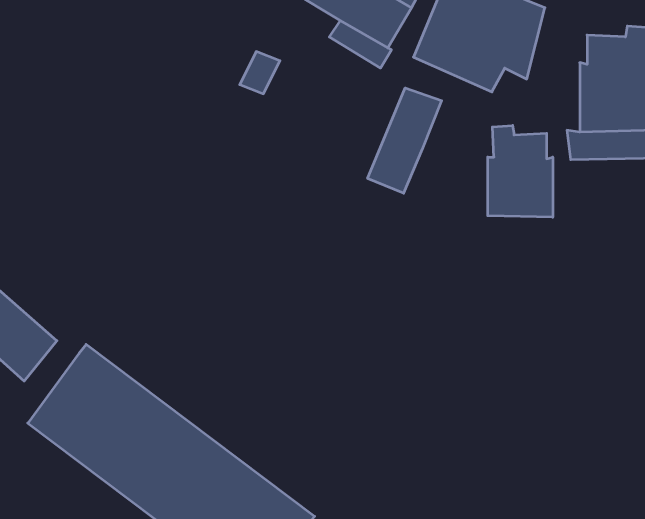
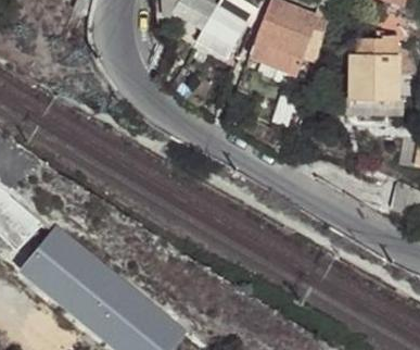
building: [368,88,442,193] -> none
building: [488,125,553,217] -> none

